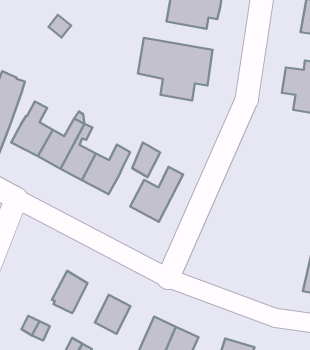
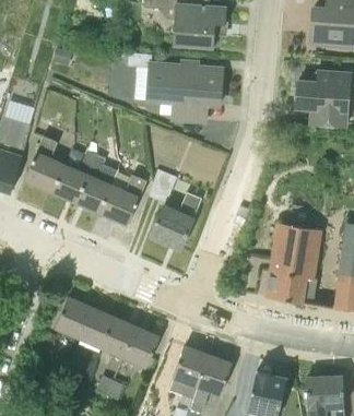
building: none -> [267,222,321,302]
building: none -> [56,297,92,336]
building: none -> [102,317,137,356]

